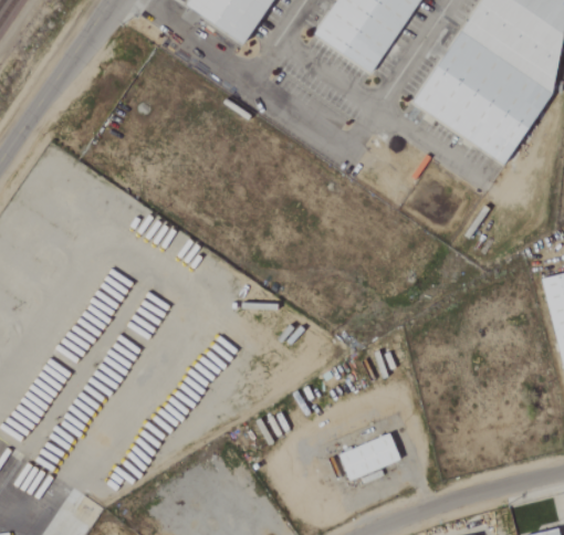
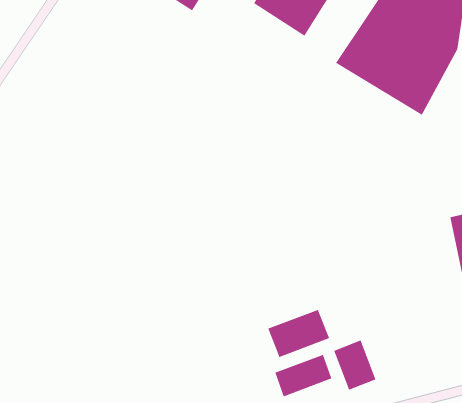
building: none -> [267,309,330,358]
building: none -> [333,340,376,391]

